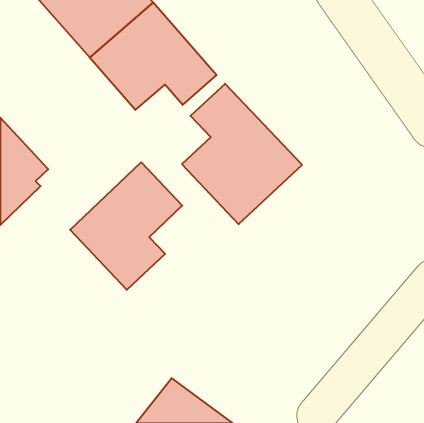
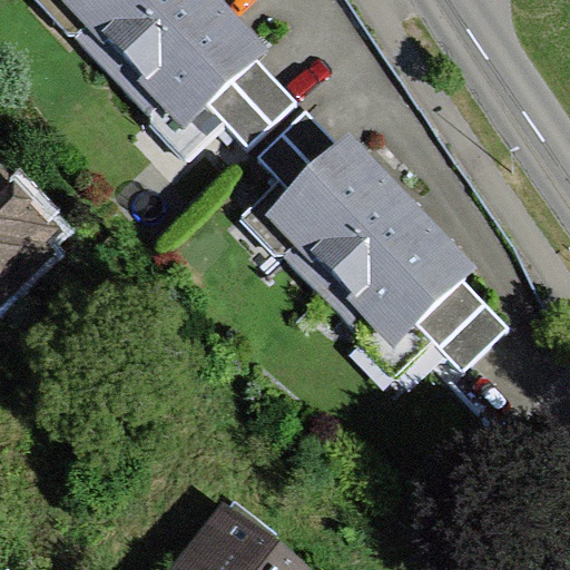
building: [70,162,182,290] -> none
building: none -> [325,217,507,372]

